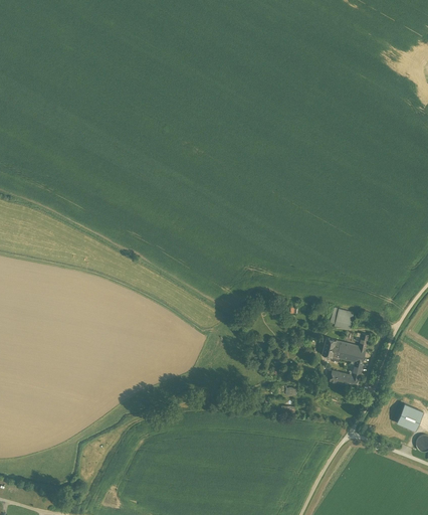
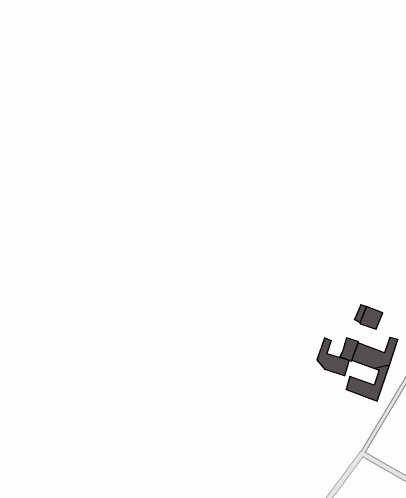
building: none -> [317,338,349,376]

